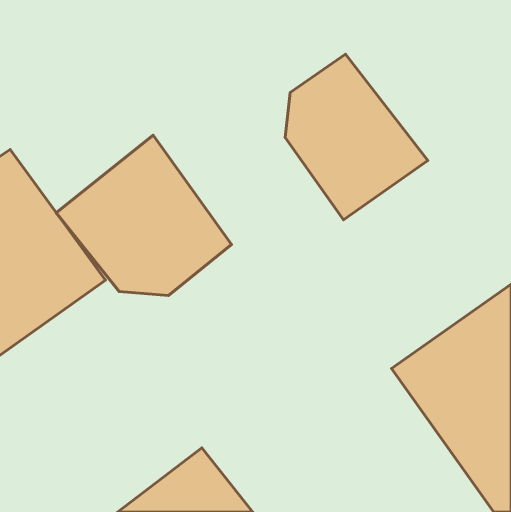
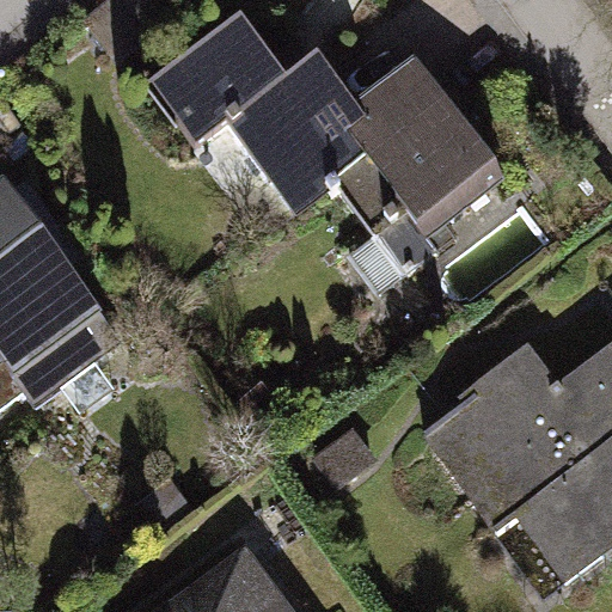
building: none -> [142,19,345,206]
building: [56,135,231,295] -> none

